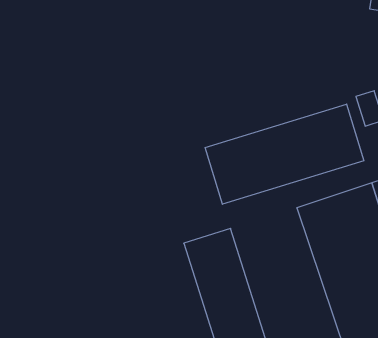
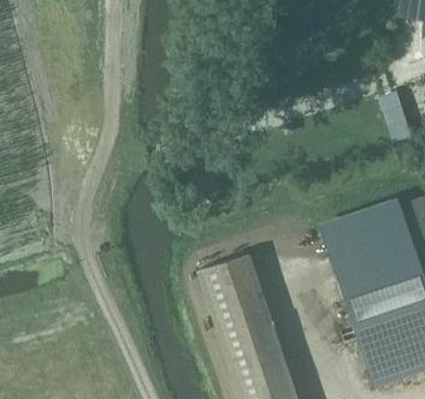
building: [205,104,364,204] -> none

